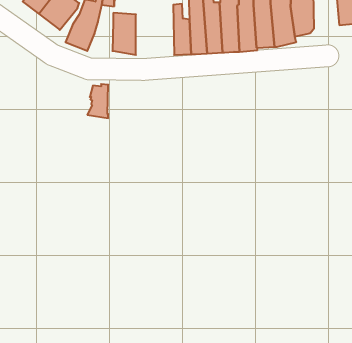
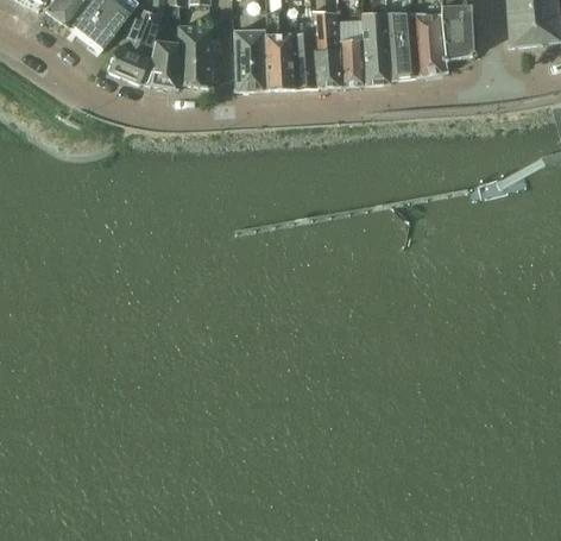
building: none -> [234,29,267,88]
building: [87,84,108,118] -> [150,37,181,87]

